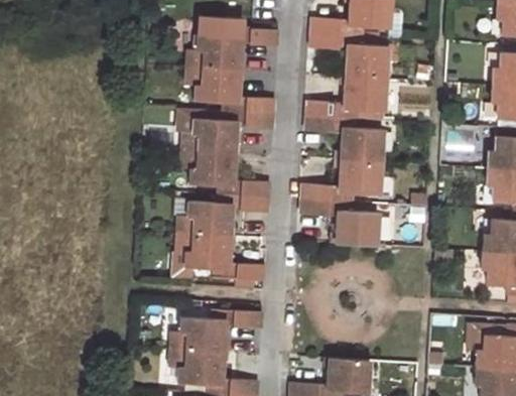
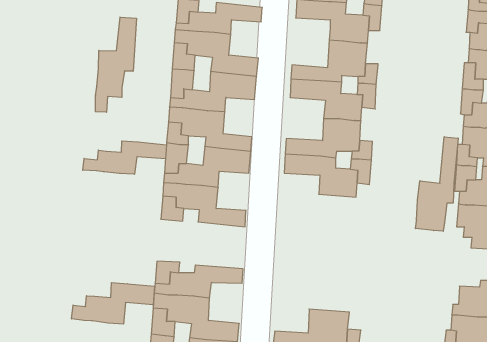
building: none -> [95,17,136,112]
building: none -> [415,137,458,231]
building: none -> [83,141,166,174]
building: none -> [72,283,155,324]

